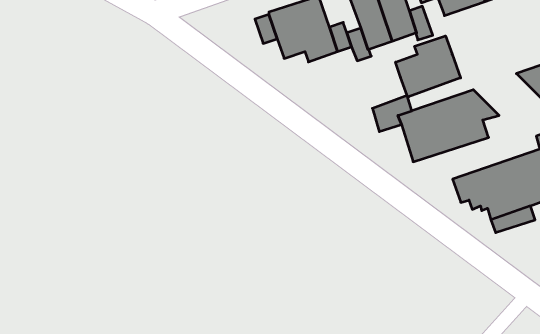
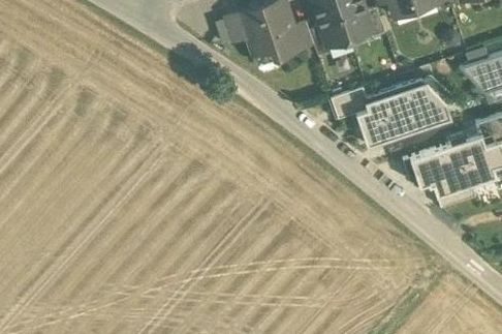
building: [396,36,461,97] -> none

